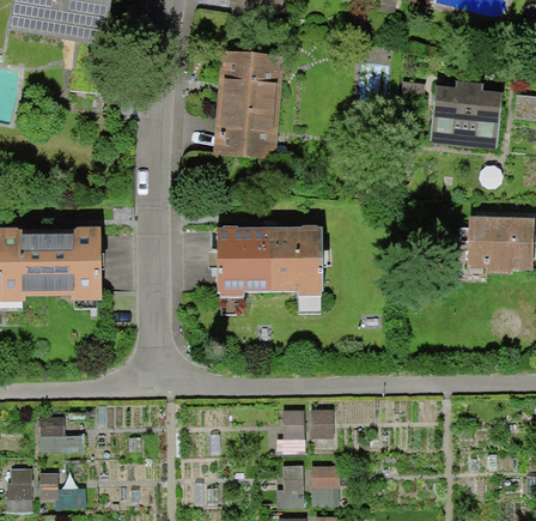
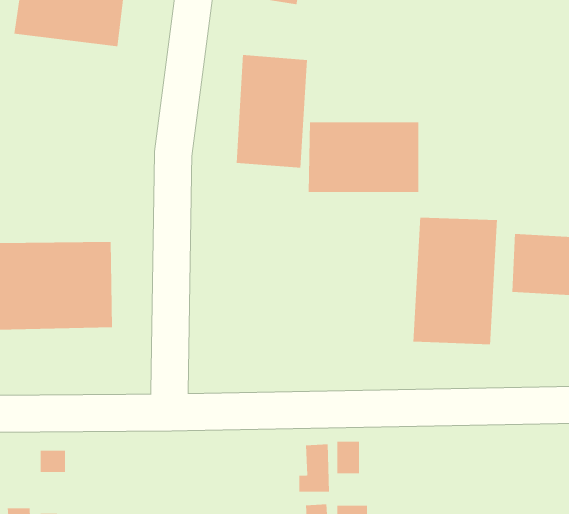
building: [430,85,502,150] -> none
building: none -> [413,217,497,345]
building: [221,229,323,293] -> [308,122,419,192]

